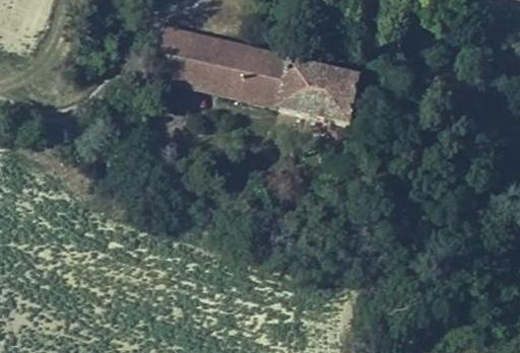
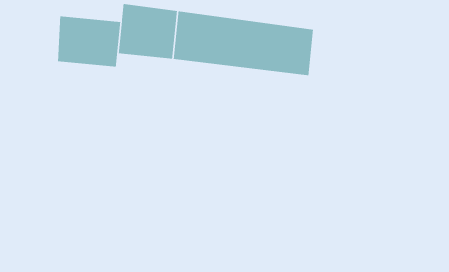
building: none -> [57,15,121,68]

